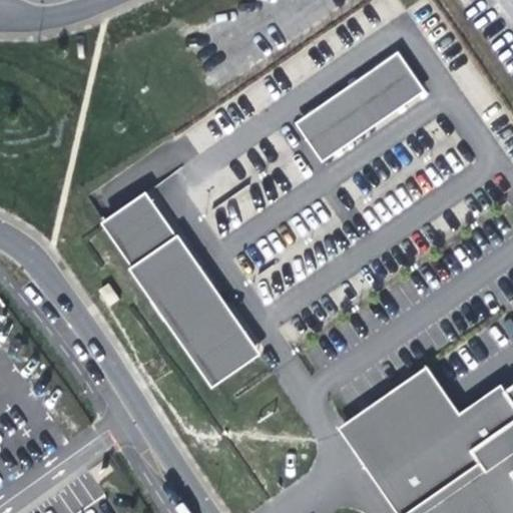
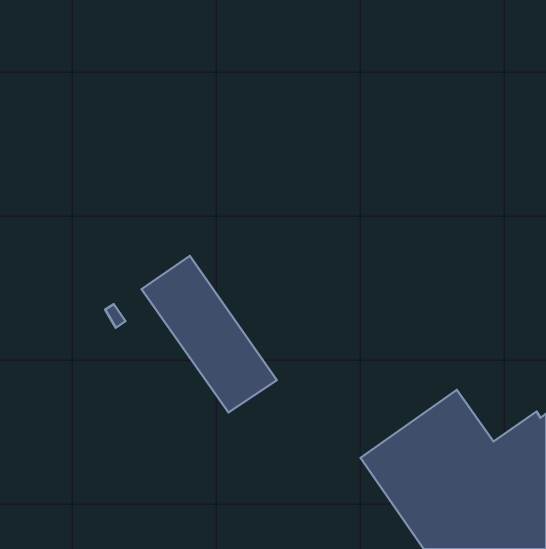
building: [296,52,426,161] -> none
building: [100,191,177,270] -> none

